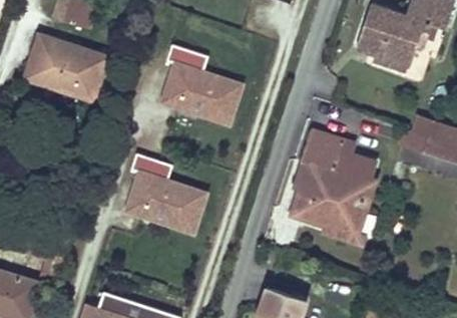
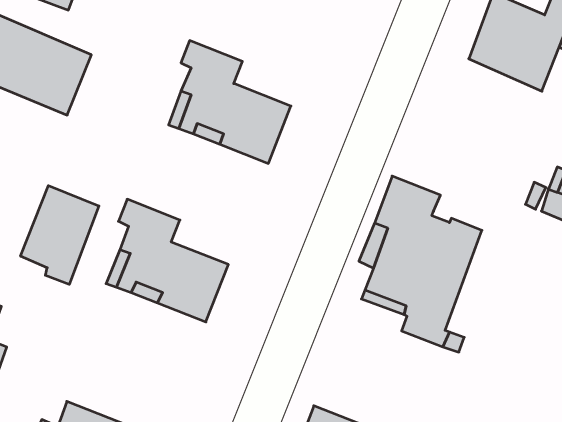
building: none -> [21,186,99,284]

